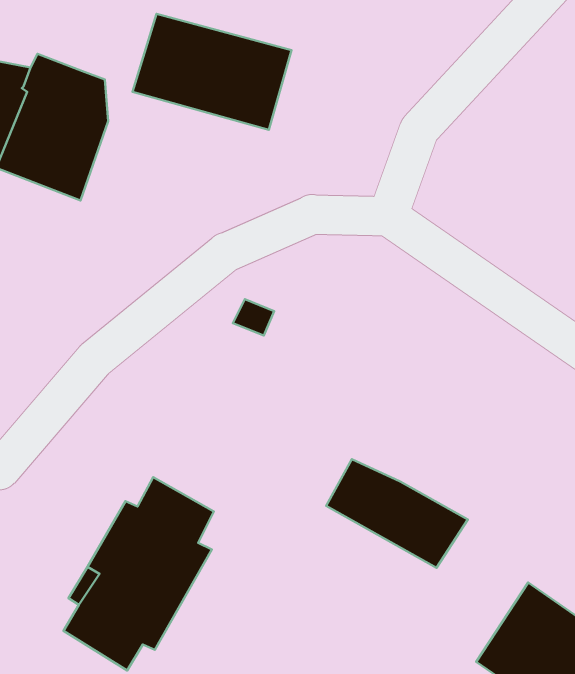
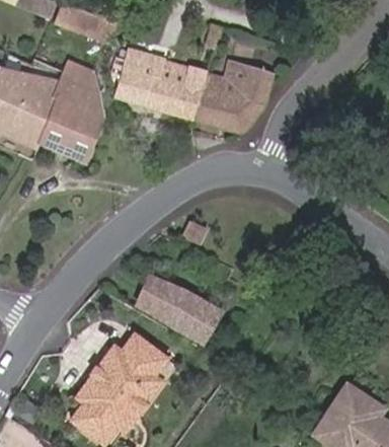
building: none -> [197,64,273,132]
building: [326,459,468,568] -> [138,276,221,340]

